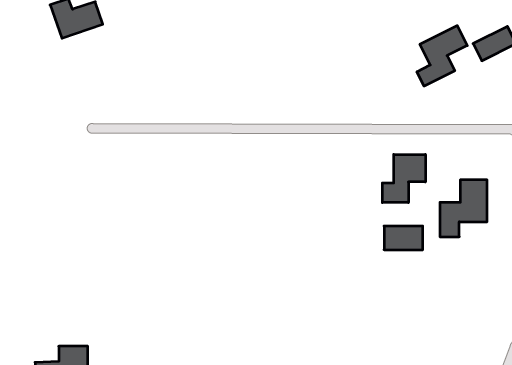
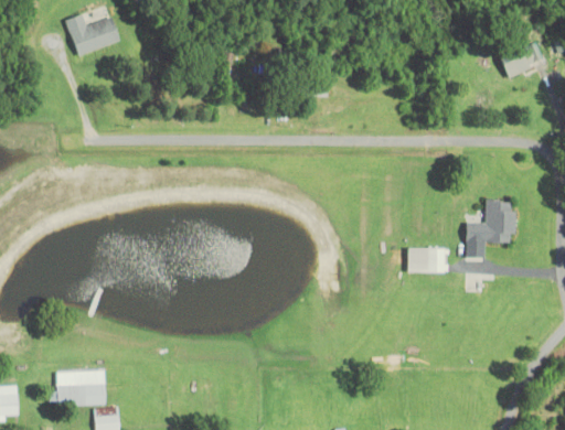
building: [417,26,467,86] -> none
building: [382,154,425,203] -> none

